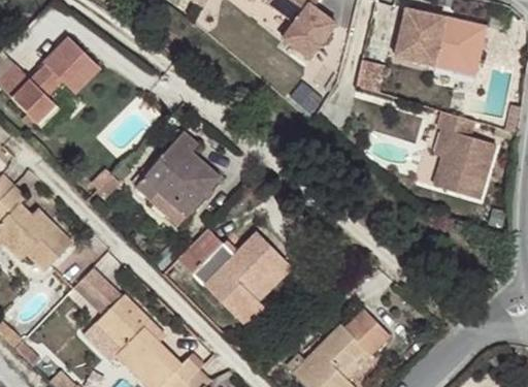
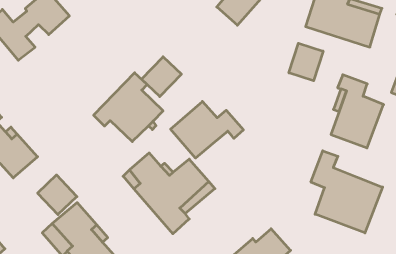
building: none -> [289,43,323,81]
building: none -> [142,57,181,97]
building: none -> [171,101,243,158]
building: none -> [311,151,383,233]

